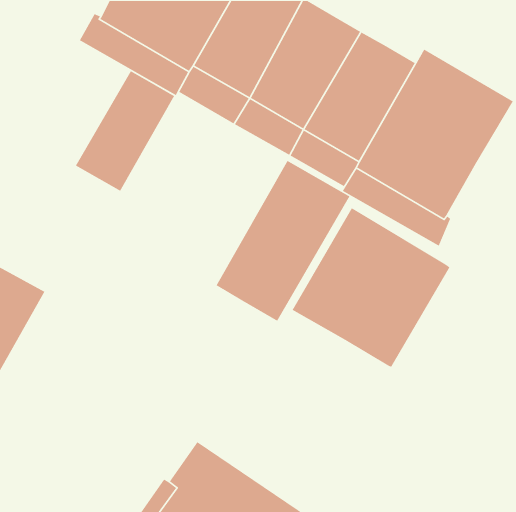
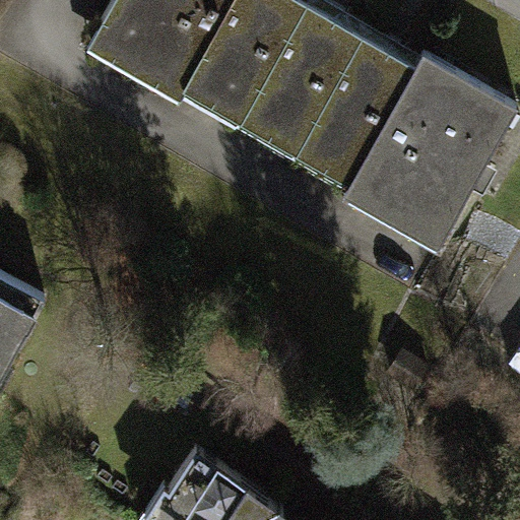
building: [75,70,175,192] -> none
building: [216,160,351,322] -> none
building: [291,207,450,368] -> none

